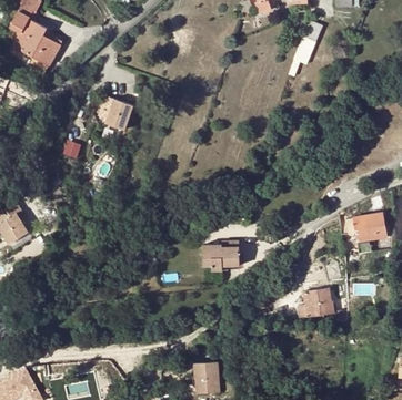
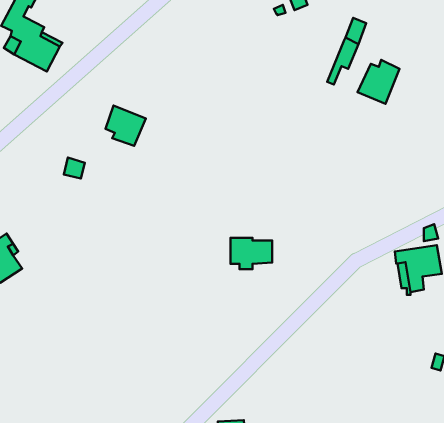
building: none -> [357,60,400,104]
building: [203,244,239,270] -> [230,238,272,269]
building: [298,291,333,318] -> none

